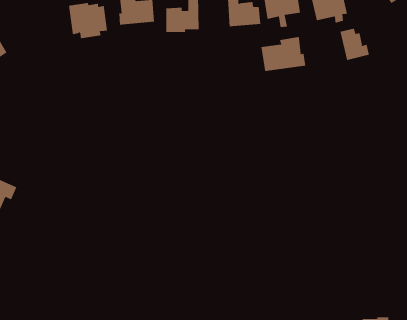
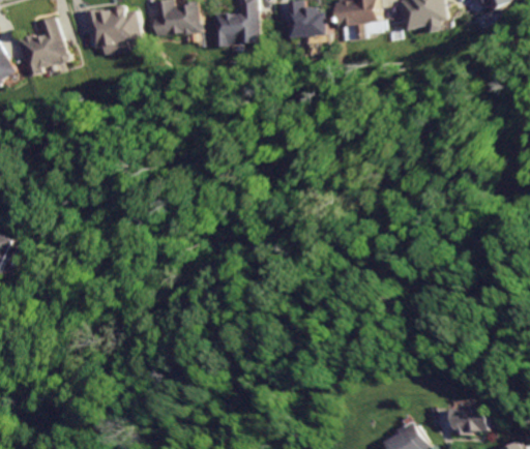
building: none -> [17,19,64,76]
building: [340,28,370,61] -> none
building: [261,36,306,72] -> none

